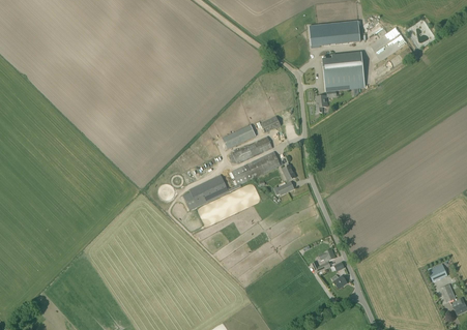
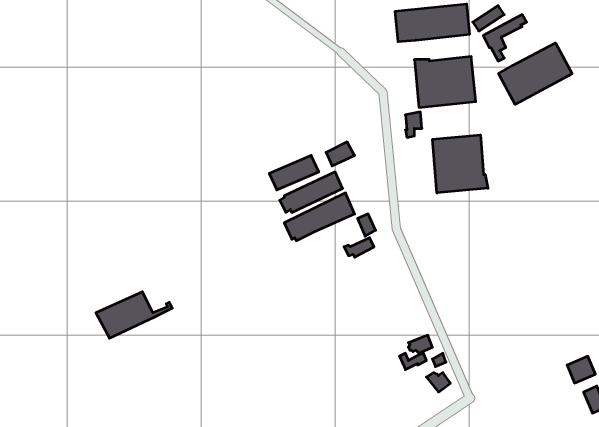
building: none -> [499,43,572,104]
building: none -> [433,135,488,193]
building: [188,175,241,207] -> [96,292,172,338]

